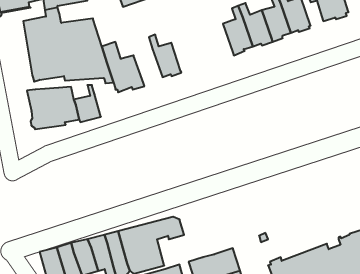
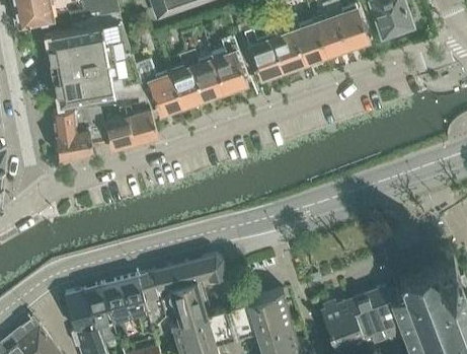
building: none -> [243,30,282,79]
building: none -> [212,38,248,93]
building: none -> [169,54,202,109]
building: none -> [123,107,156,143]

